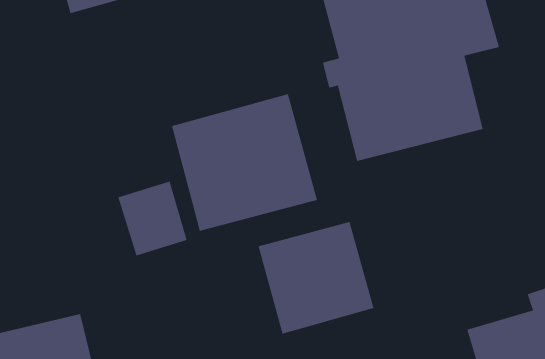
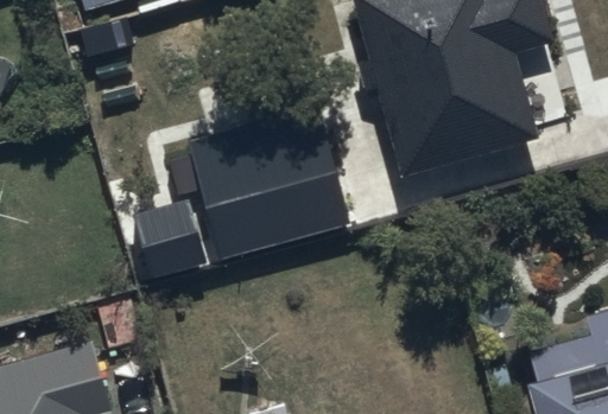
building: [258,221,374,335] -> none

